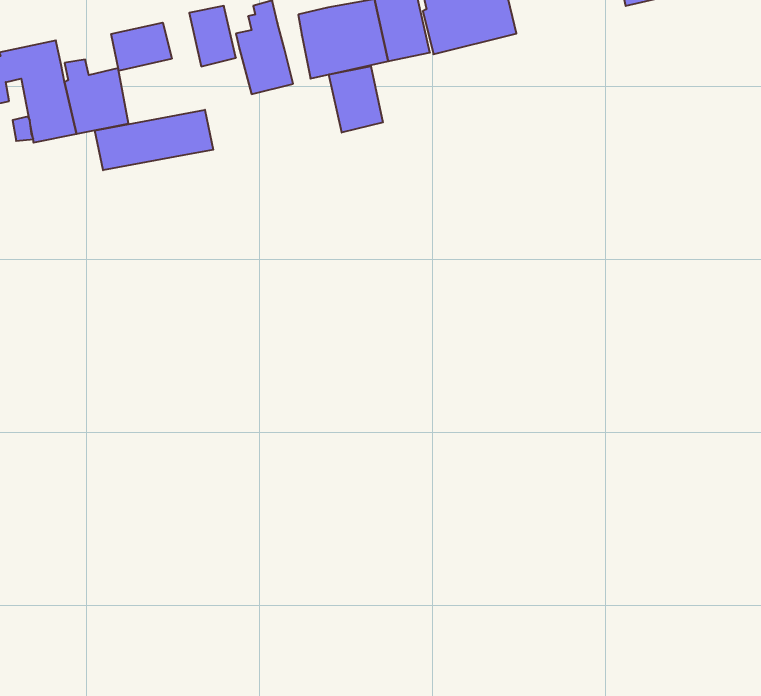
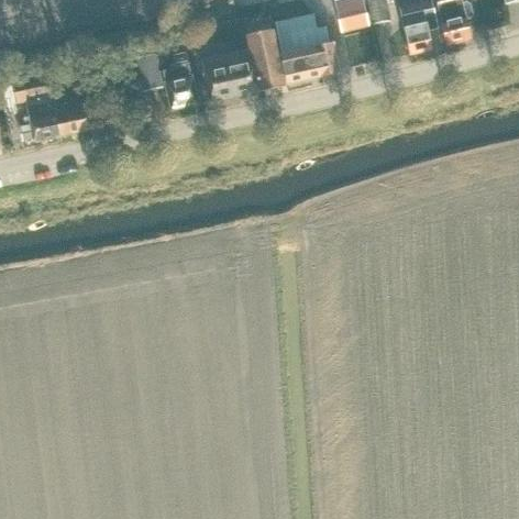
building: [111,23,172,71] -> none
building: [329,66,383,133] -> none
building: [95,110,213,170] -> none

